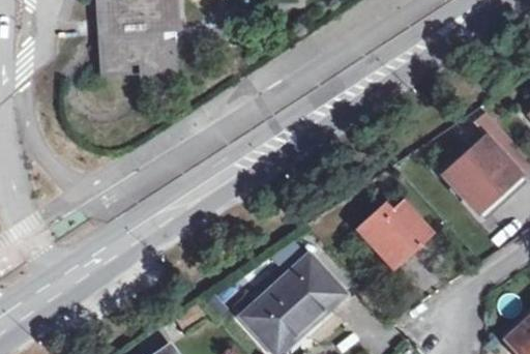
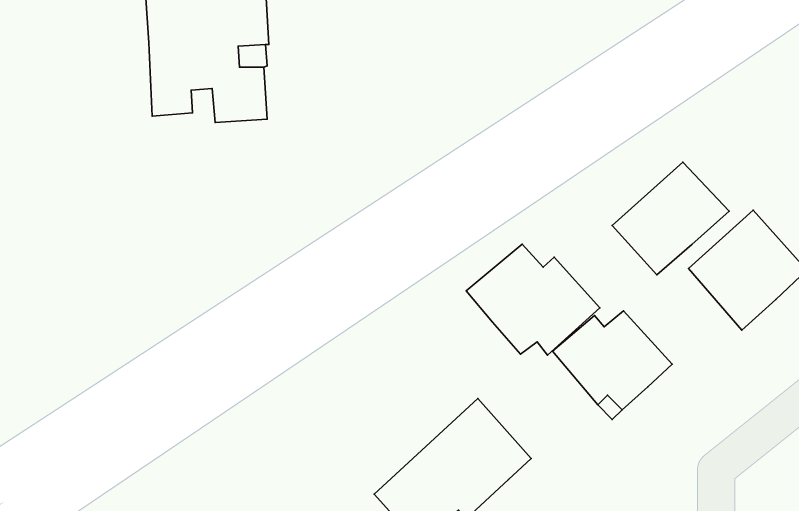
building: none -> [612,162,729,275]
building: none -> [466,244,600,355]

